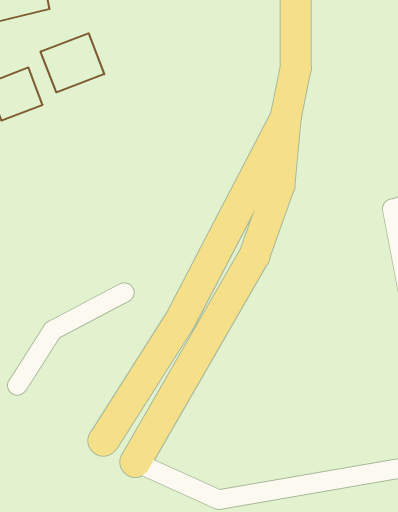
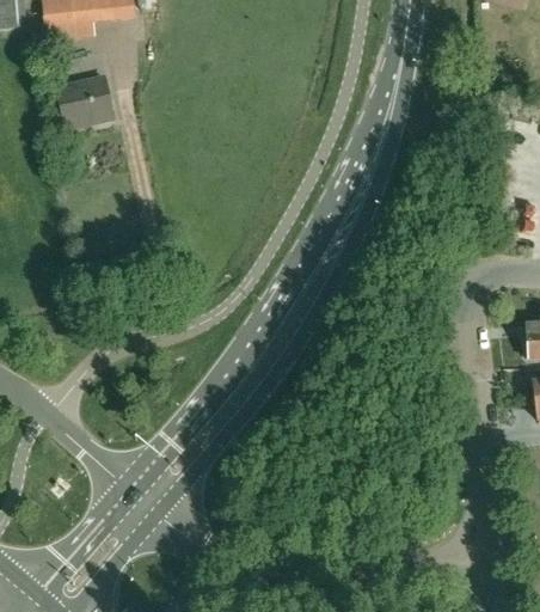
building: [41,33,104,92] -> none

